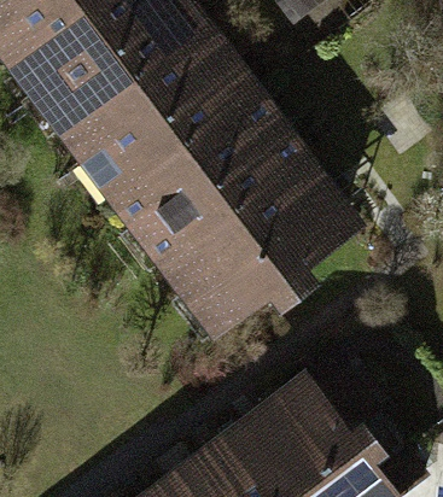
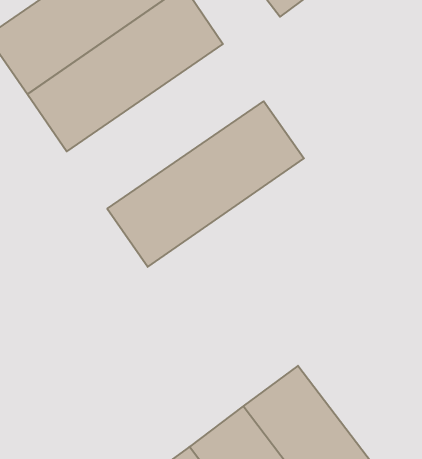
building: [75,49,274,216] -> none
building: [157,165,355,333] -> none

